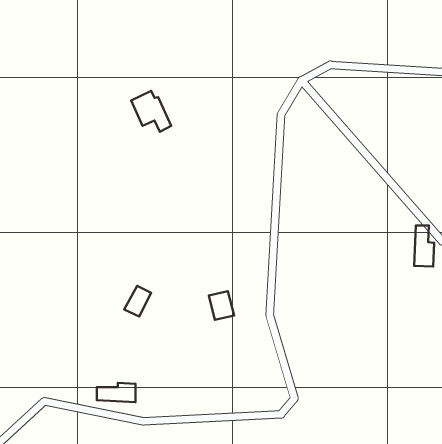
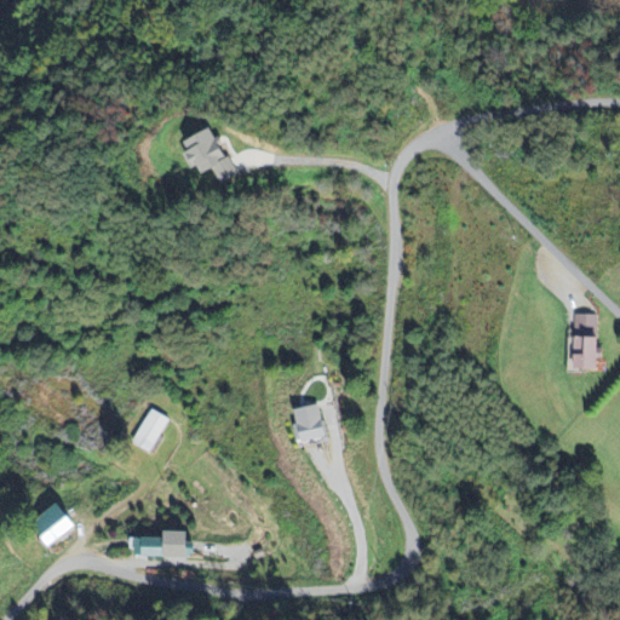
building: [124,286,151,316] -> [128,407,166,449]
building: none -> [33,506,73,545]

